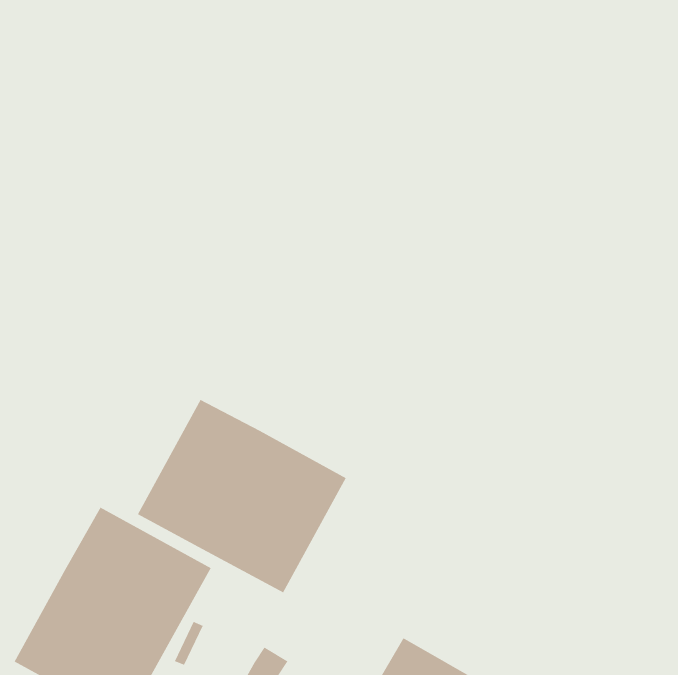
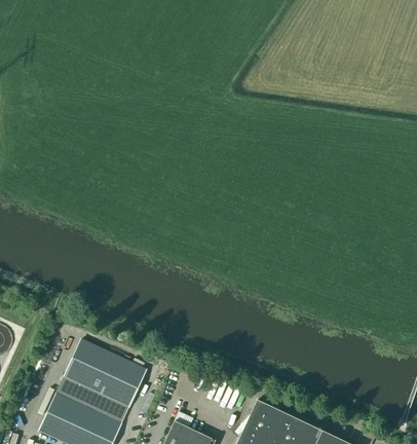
building: [137,399,347,594] -> none

